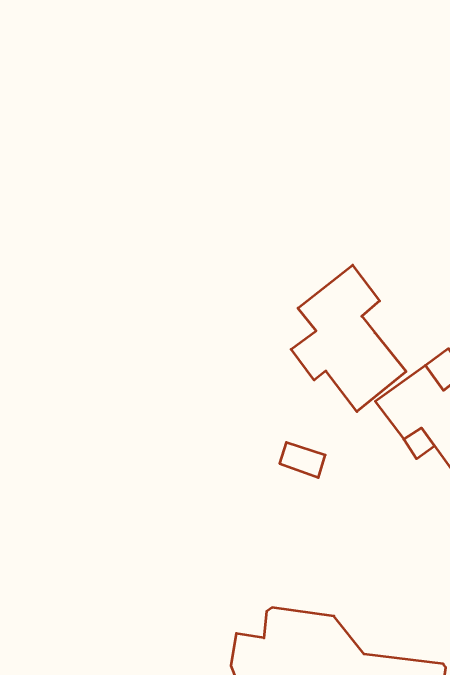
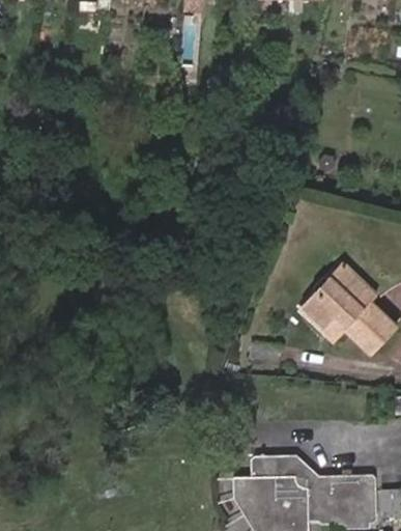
building: [291,265,406,412] -> none

